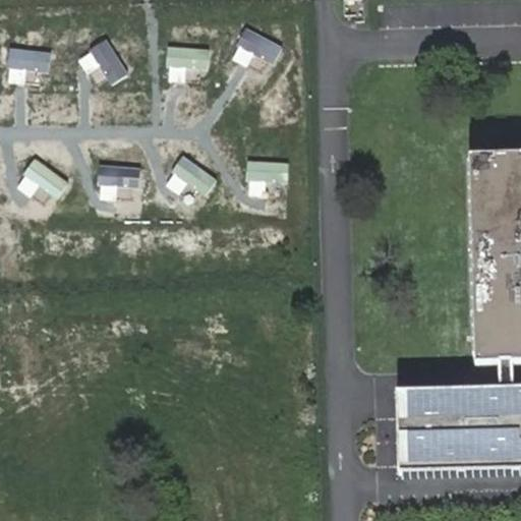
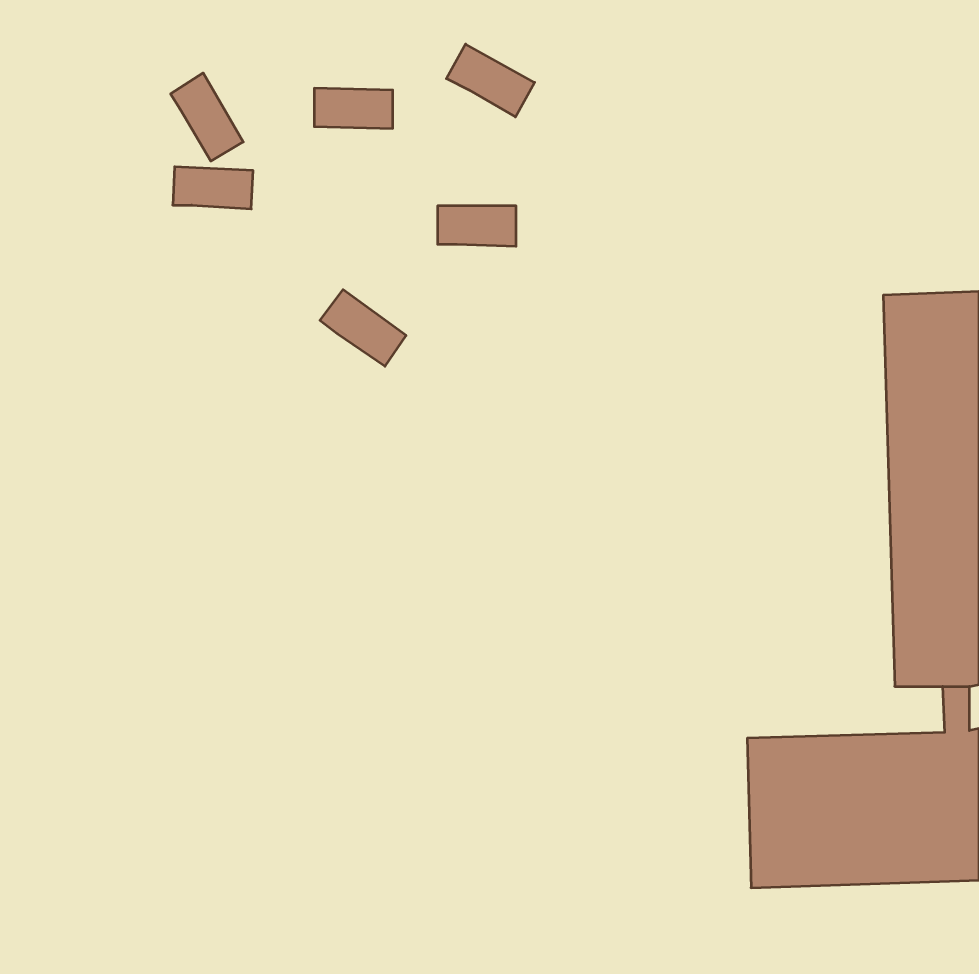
building: [5,46,50,72] -> none
building: [23,157,68,198] -> none
building: [248,159,290,180] -> [438,206,516,246]
building: [98,163,140,185] -> [173,167,253,209]

